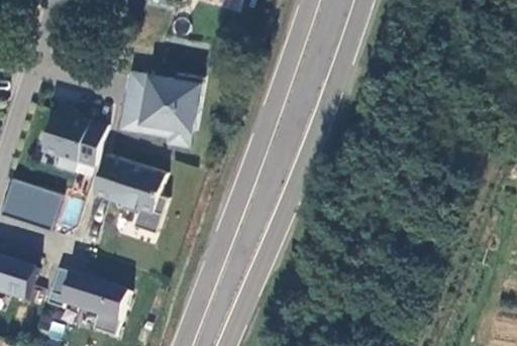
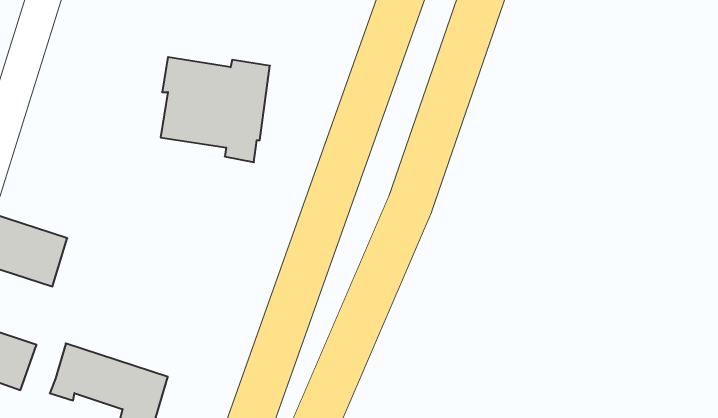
building: [41,102,105,168] -> none
building: [93,151,166,230] -> none

